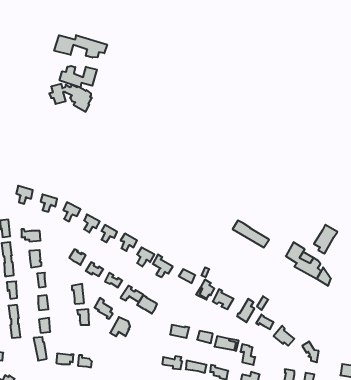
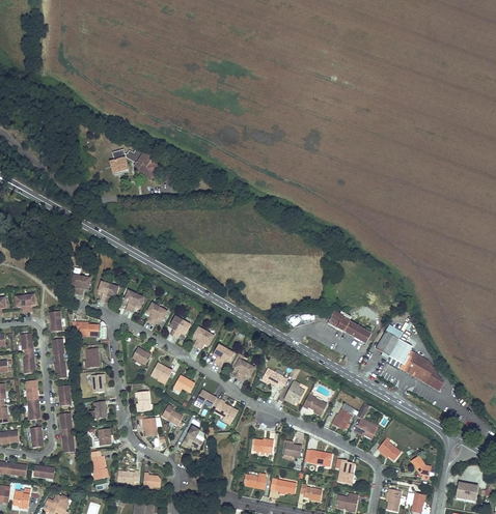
building: [54,35,107,58] -> none
building: [60,66,97,87] -> none
building: [314,225,337,254] -> [376,323,404,358]

